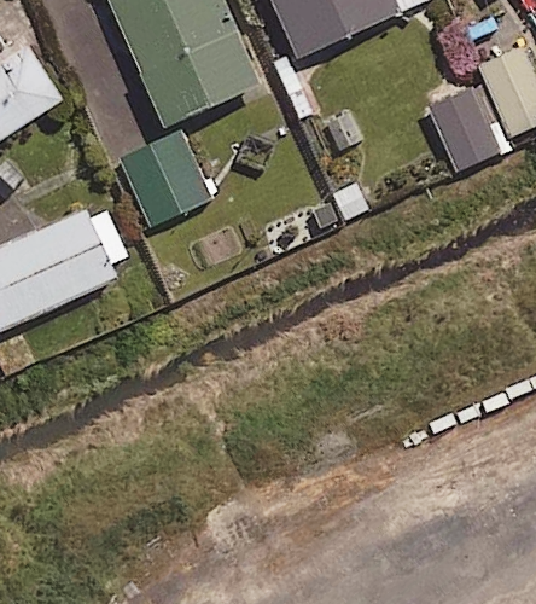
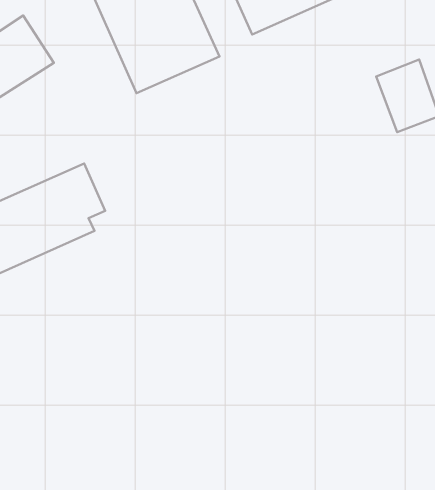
building: [126,132,211,223] -> none

